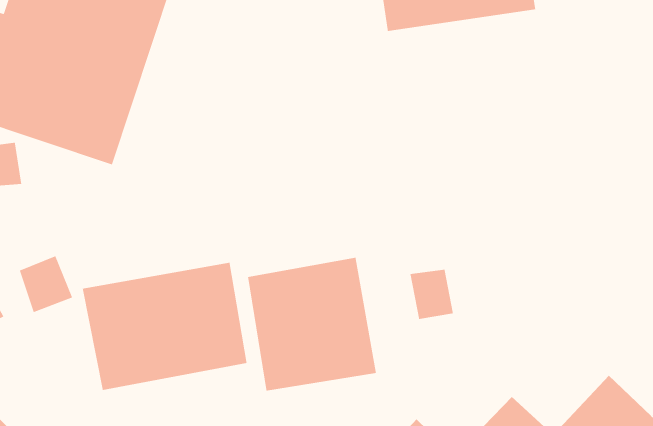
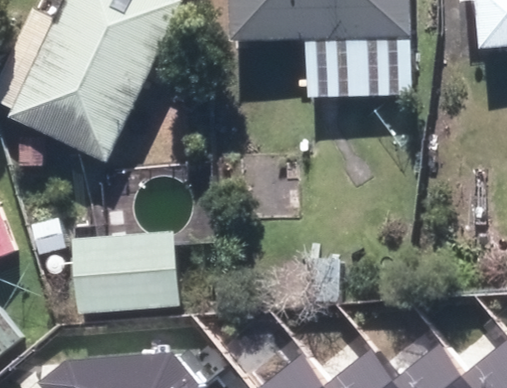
building: [247,257,377,392] -> none

